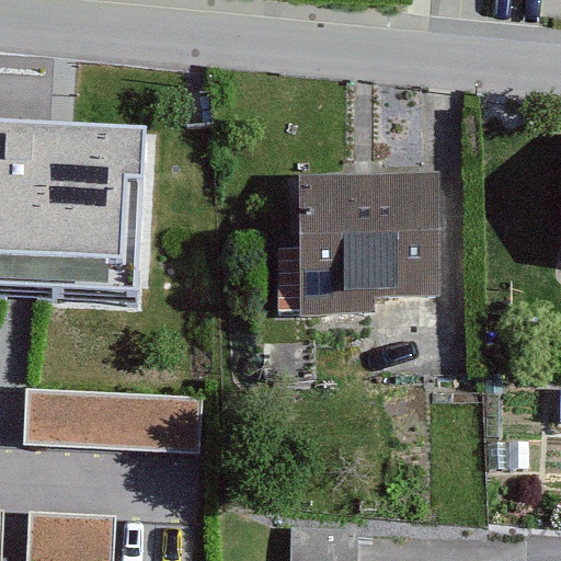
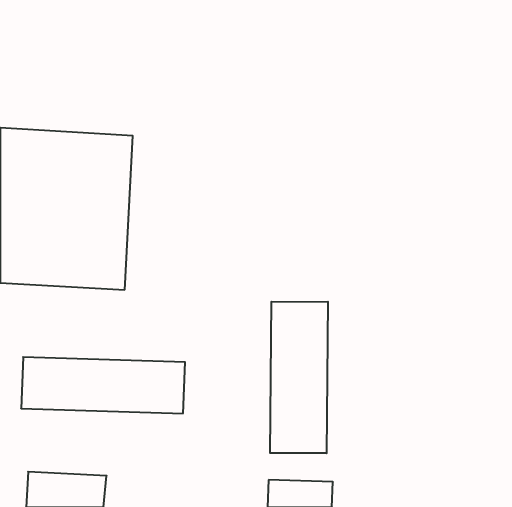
building: [273,173,421,296] -> none
building: none -> [270,302,328,453]

